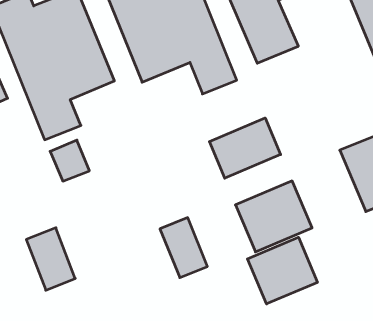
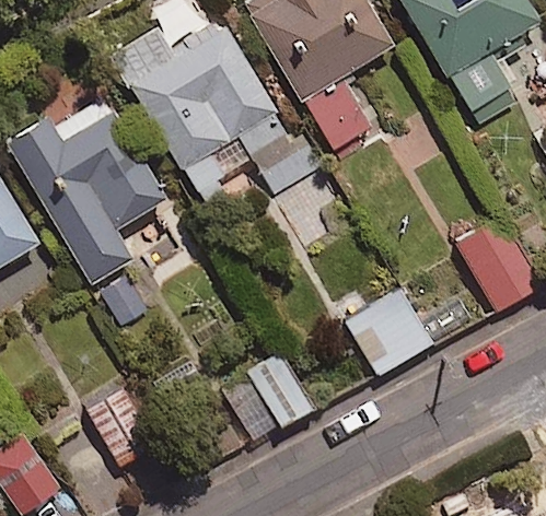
building: [209,118,281,178] -> none
building: [247,237,317,304] -> none

